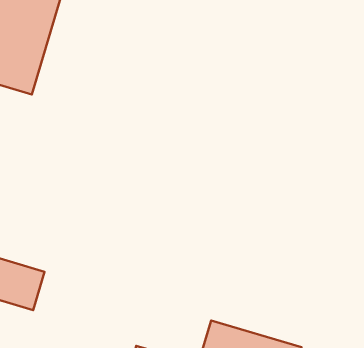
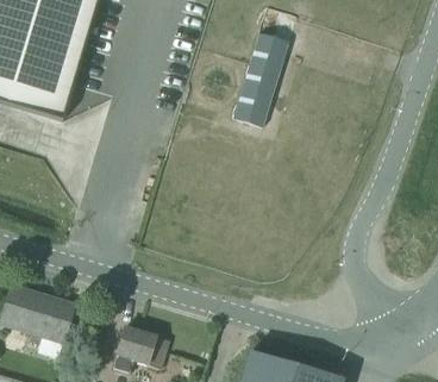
building: none -> [233,33,288,126]
building: none -> [112,325,167,374]

